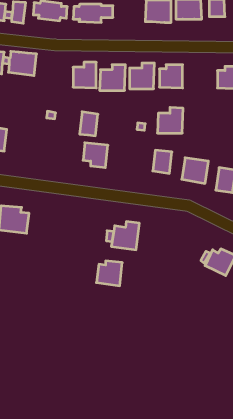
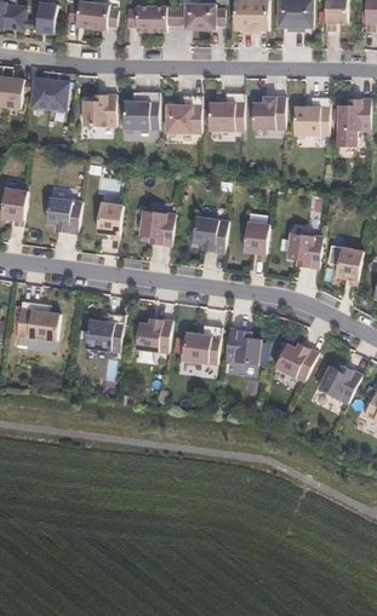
building: none -> [183,6,223,31]
building: none -> [81,93,116,127]
building: [157,107,183,133] -> [292,97,330,134]
building: [80,112,98,136] -> [97,201,124,236]
building: none -> [46,196,82,234]
building: none -> [192,215,228,253]
building: none -> [85,312,125,351]
building: none -> [225,328,262,364]
building: none -> [274,341,319,382]
building: [96,261,122,286] -> [135,317,172,353]

